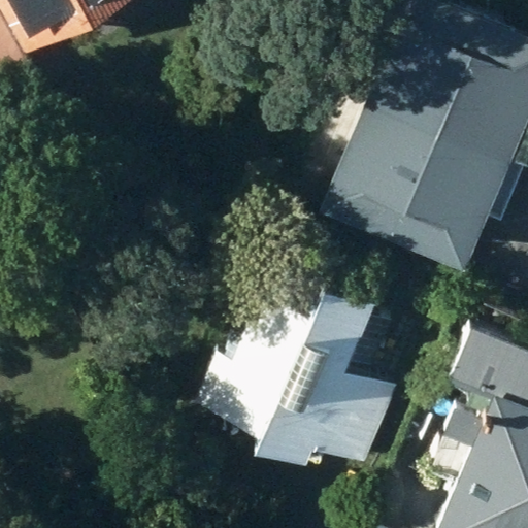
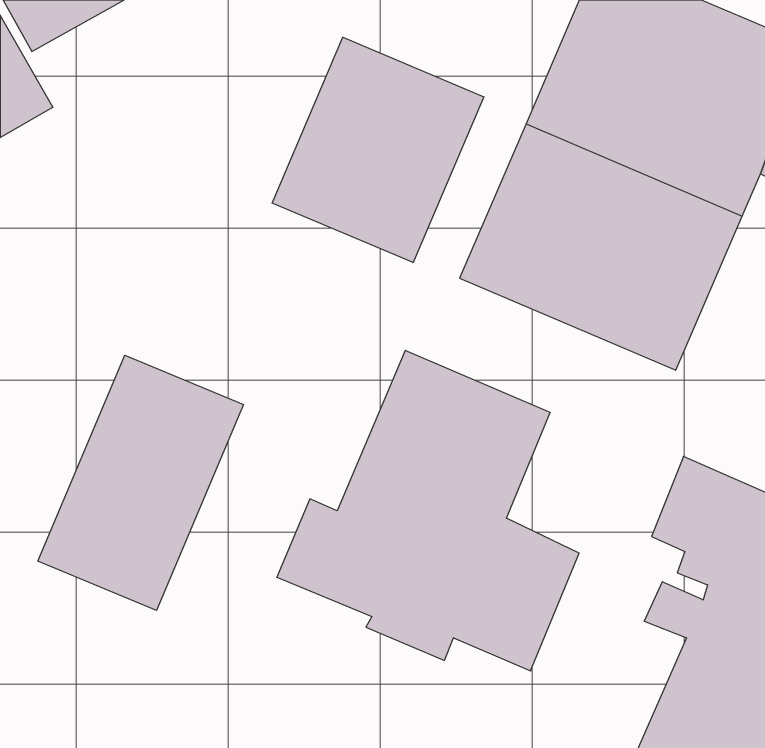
building: none -> [272,37,484,263]
building: none -> [38,355,244,610]

